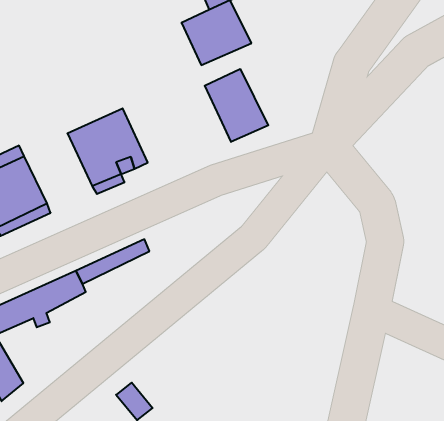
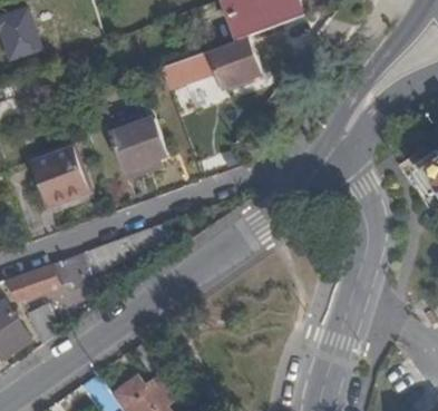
building: none -> [162,55,207,90]
building: [205,69,268,142] -> none

